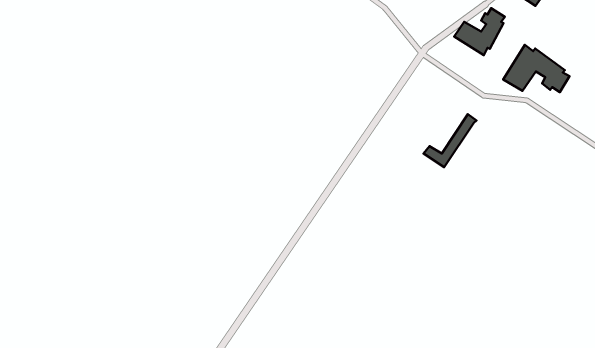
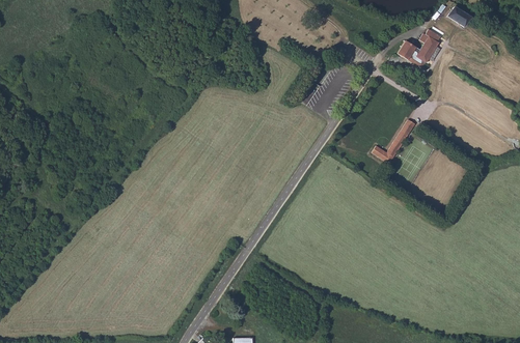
building: [503,45,570,92] -> none

